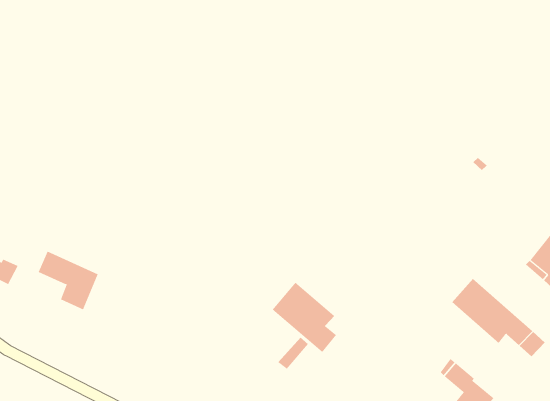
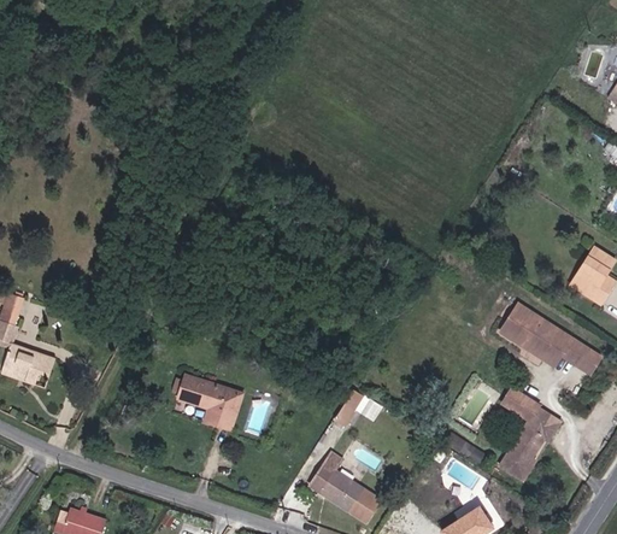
building: [38,251,99,310] -> [178,376,240,430]
building: [272,282,337,353] -> none

